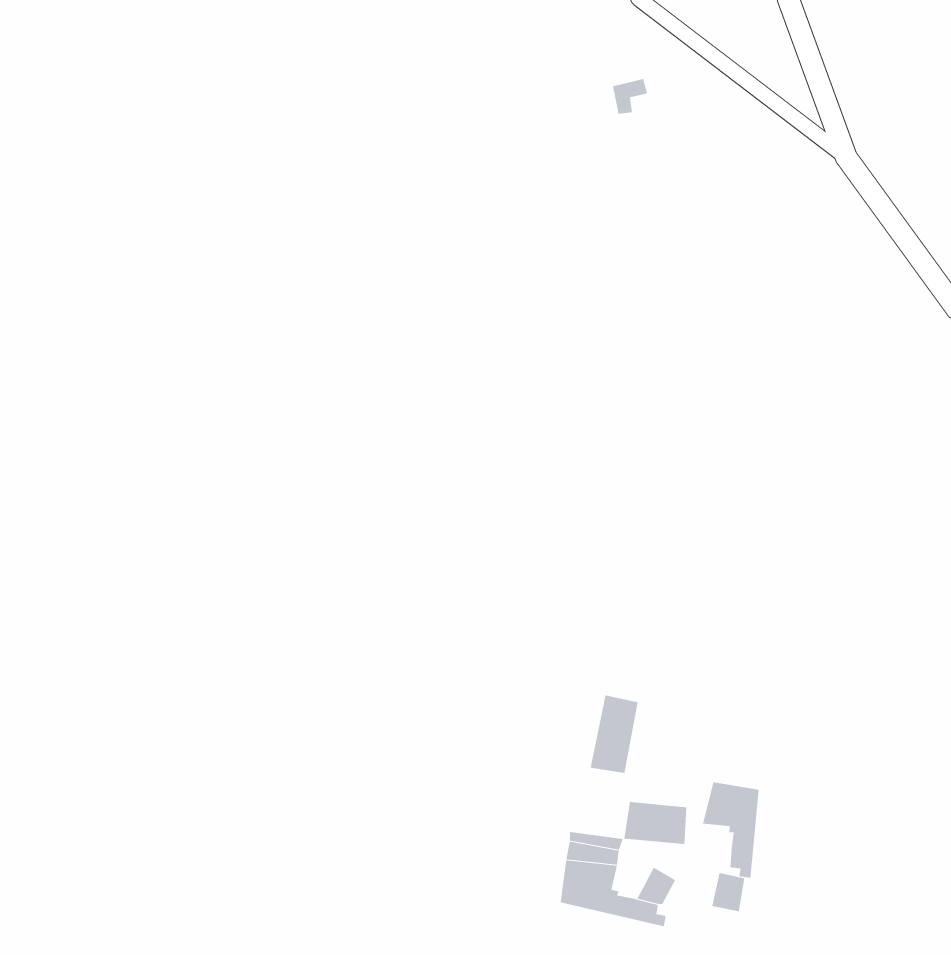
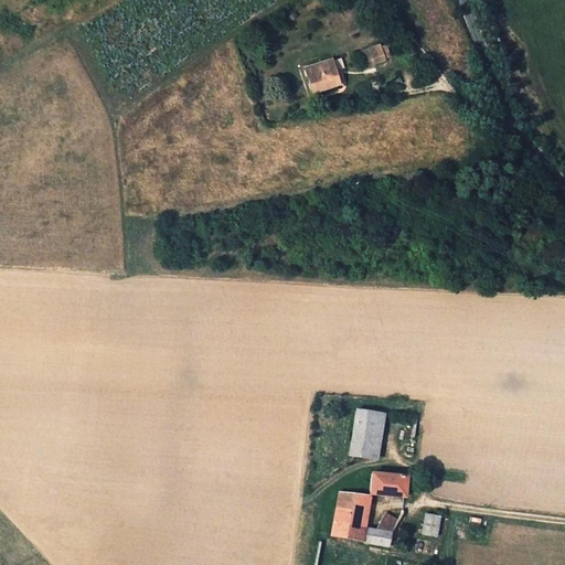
building: none -> [308,58,342,90]
building: [702,782,759,879] -> none

